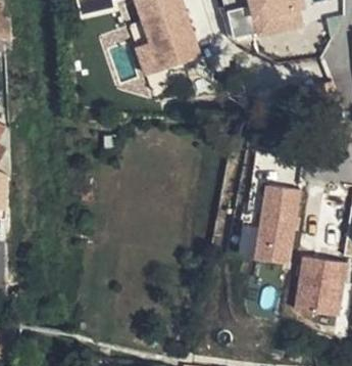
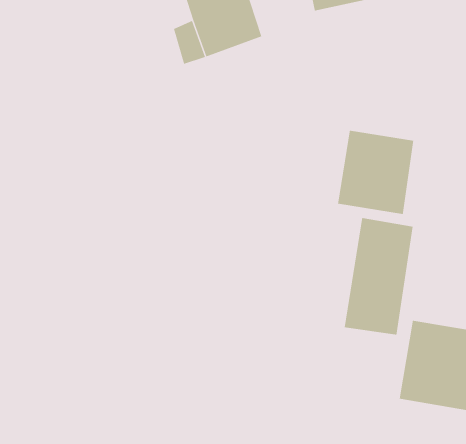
building: none -> [337,130,414,215]

